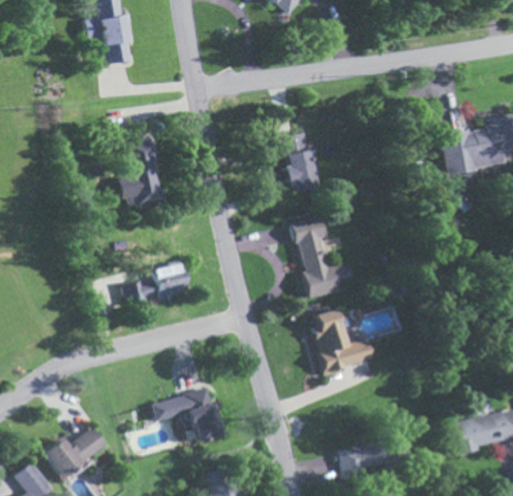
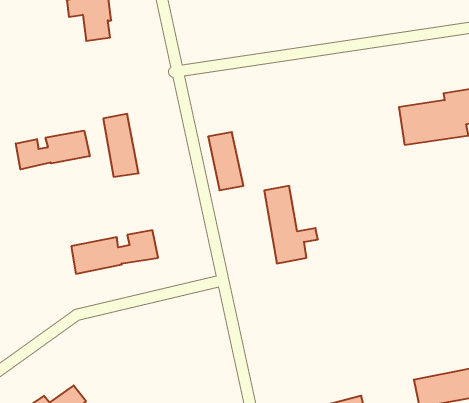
building: [281,132,319,193] -> [208,132,243,190]
building: none -> [16,131,90,169]
building: [313,309,372,372] -> none
building: [152,389,221,440] -> none

